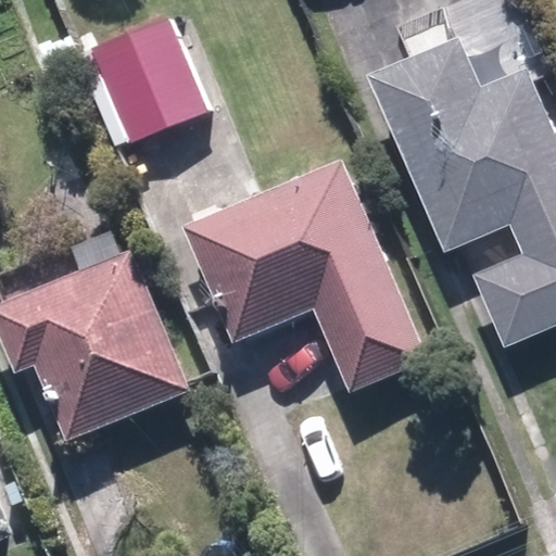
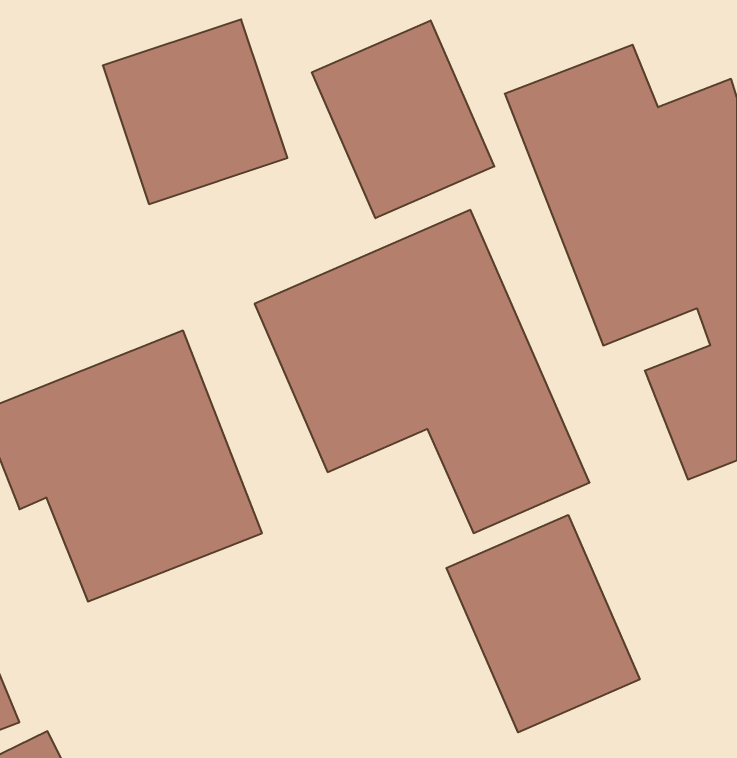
building: none -> [312,20,494,218]
building: none -> [446,515,640,732]

